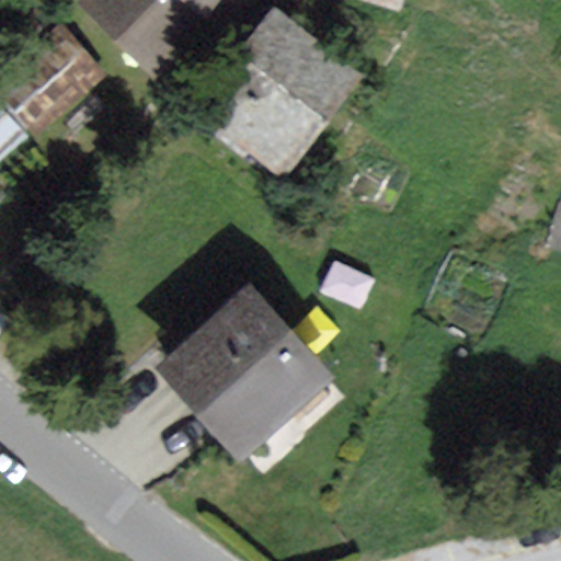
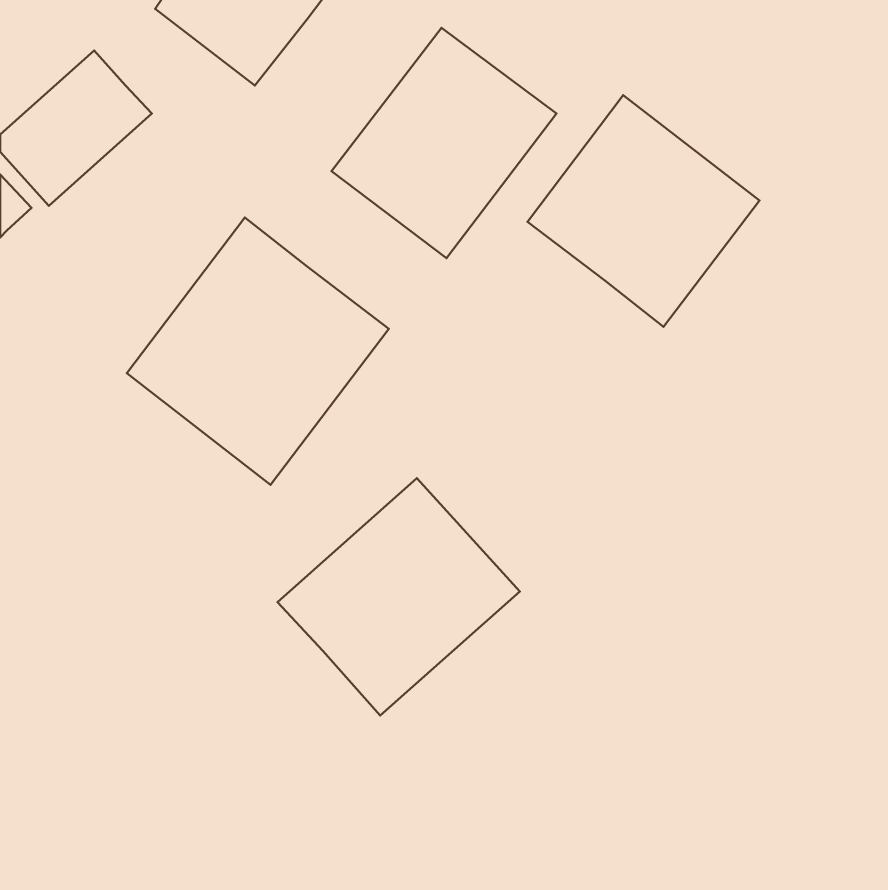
building: none -> [527,95,760,327]
building: none -> [127,217,389,485]

